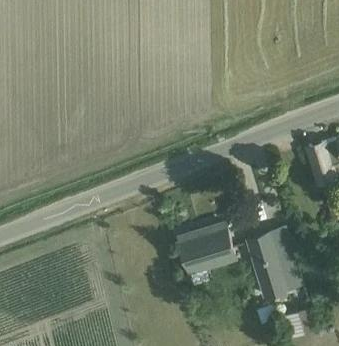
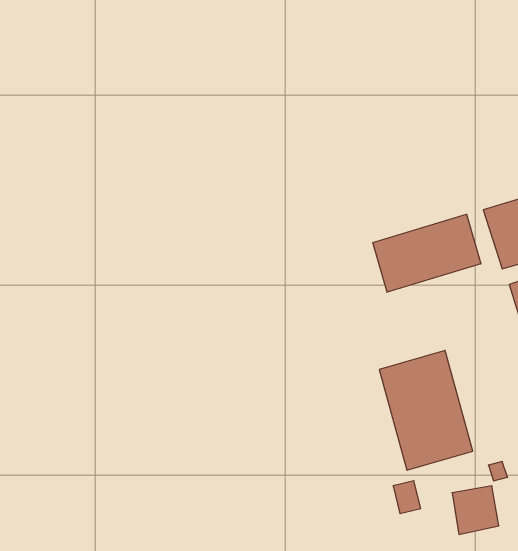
building: none -> [373,214,481,292]
building: [180,223,237,273] -> none

